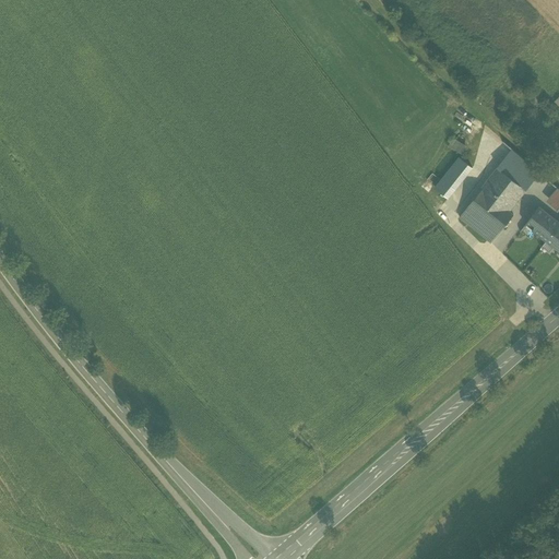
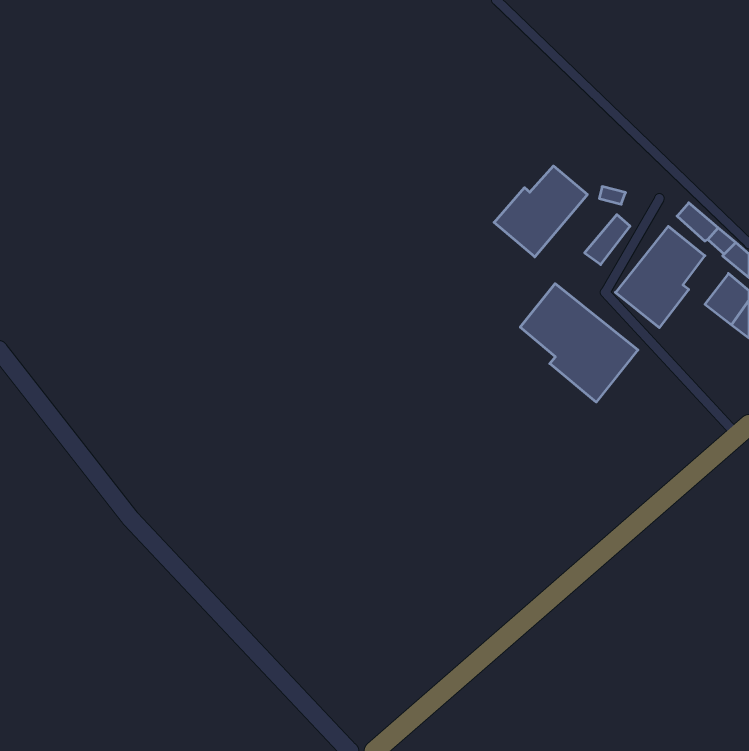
building: none -> [494,166,587,257]
building: none -> [520,284,638,402]

